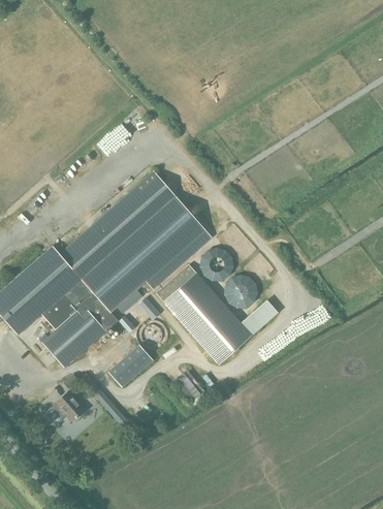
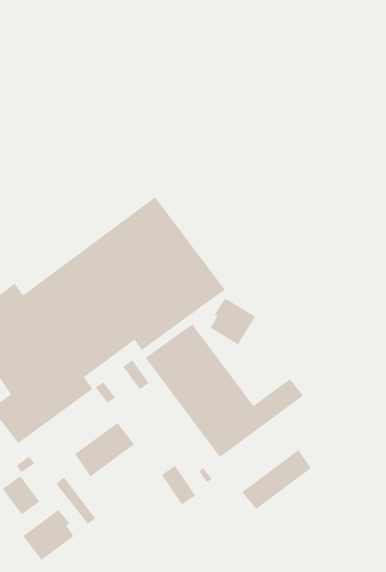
building: [222,274,259,308] -> none
building: none -> [241,449,312,510]
building: none -> [23,509,74,561]

